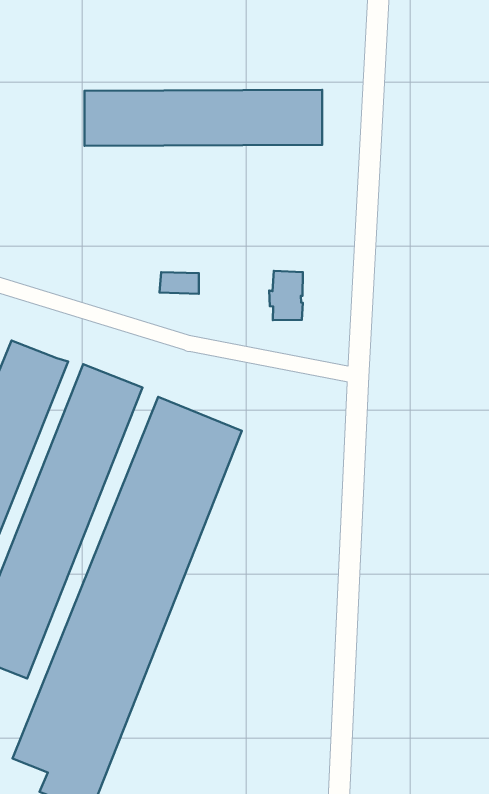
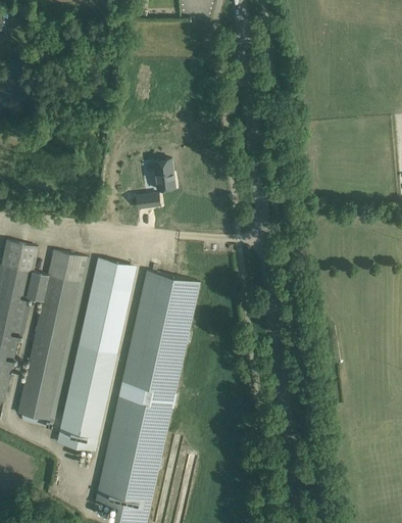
building: [84,90,322,146] -> none
building: [269,271,303,320] -> [153,158,175,190]

